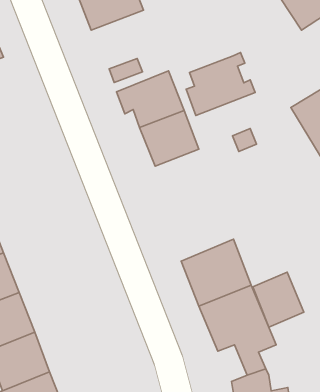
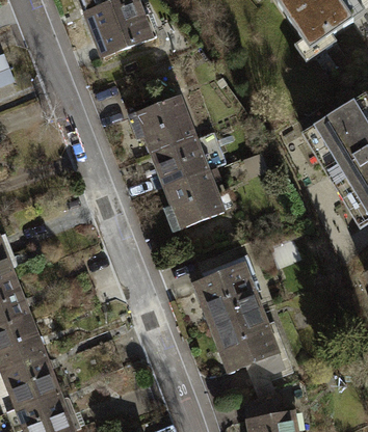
building: [186,53,255,115] -> [163,170,232,233]
building: [253,272,304,327] -> none

